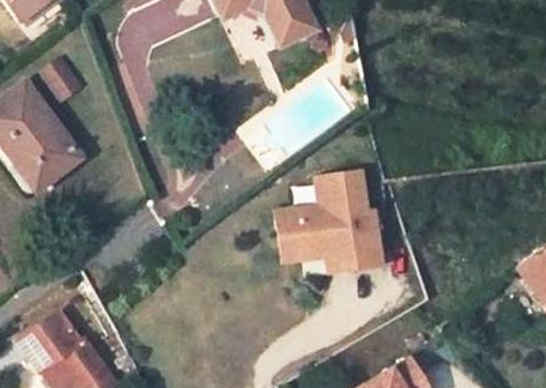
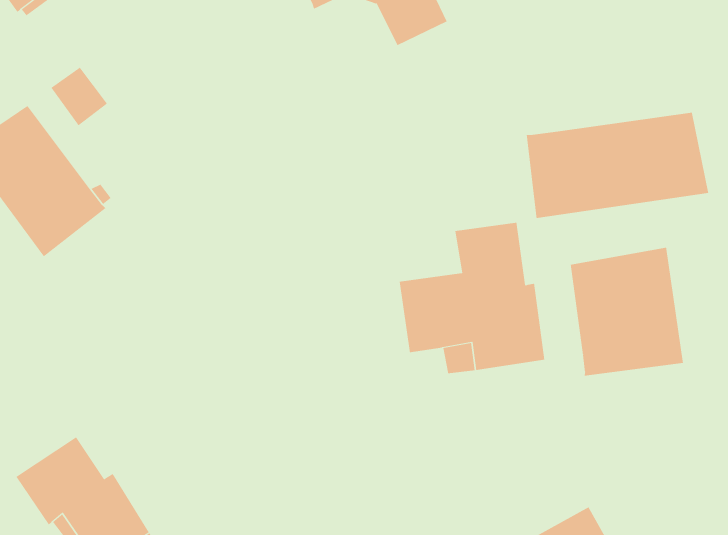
building: none -> [526,112,709,219]
building: none -> [570,247,684,376]

